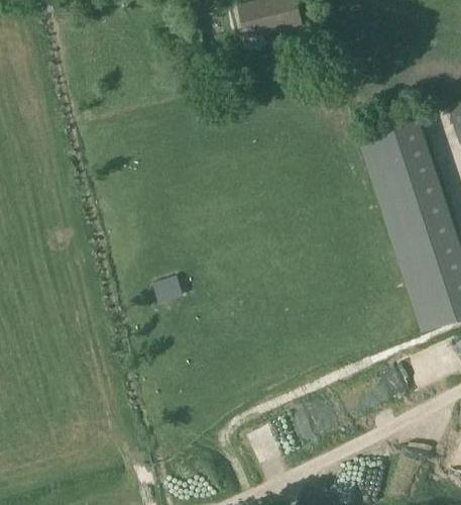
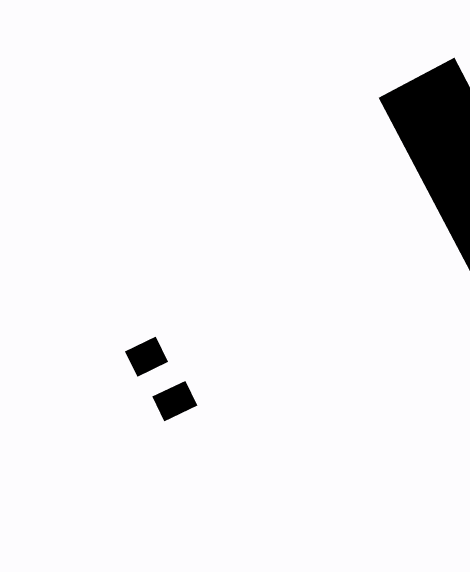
building: none -> [151,380,199,423]

